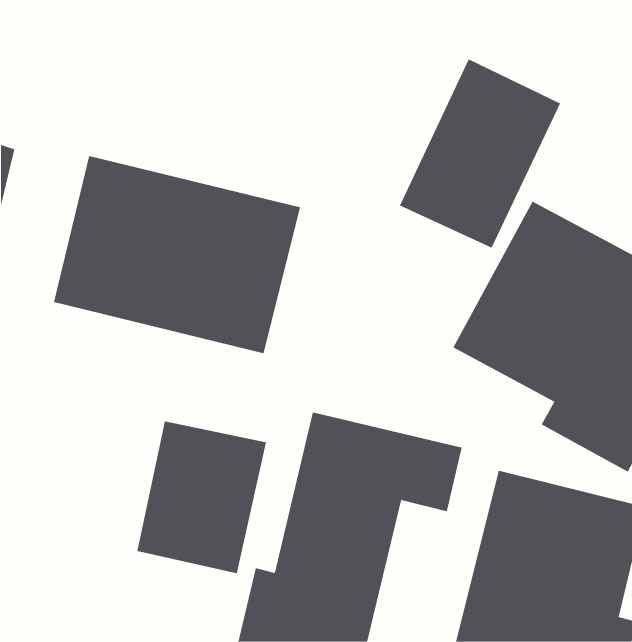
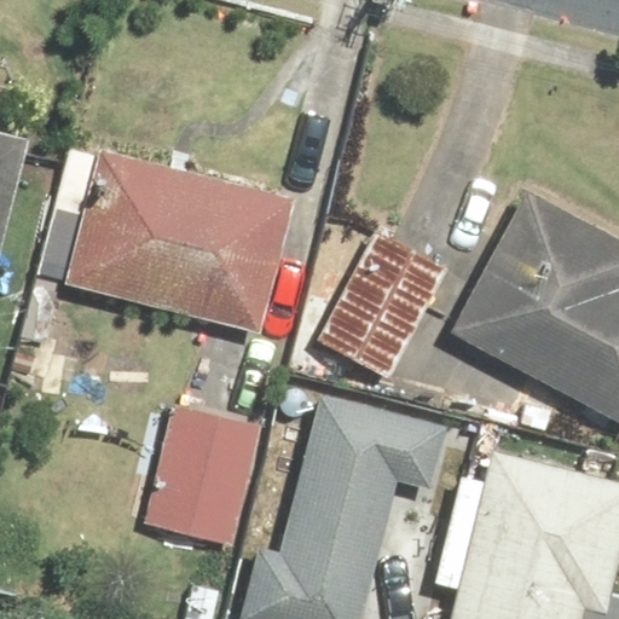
building: [399,58,561,249] -> none
building: none -> [318,227,453,383]

